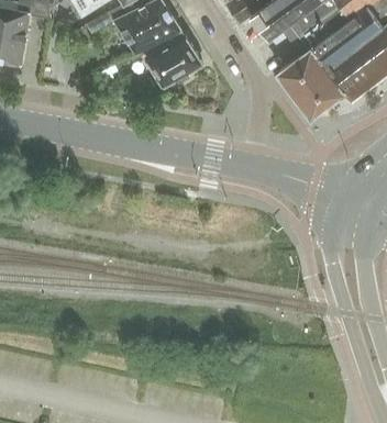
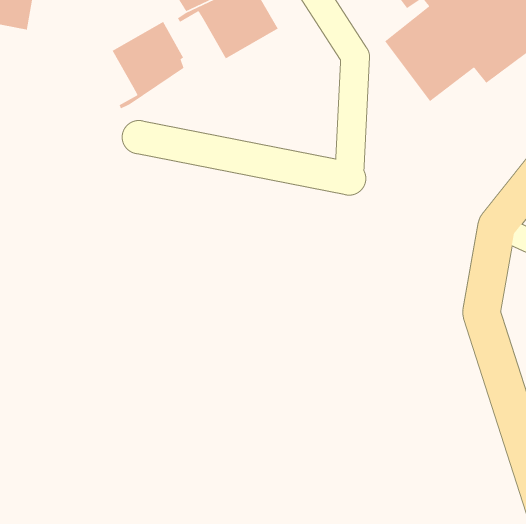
building: none -> [112,21,185,109]

